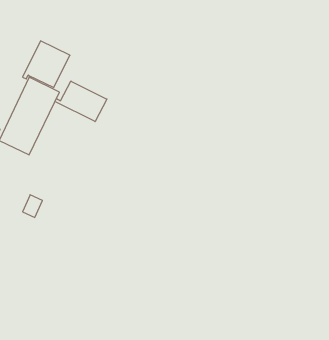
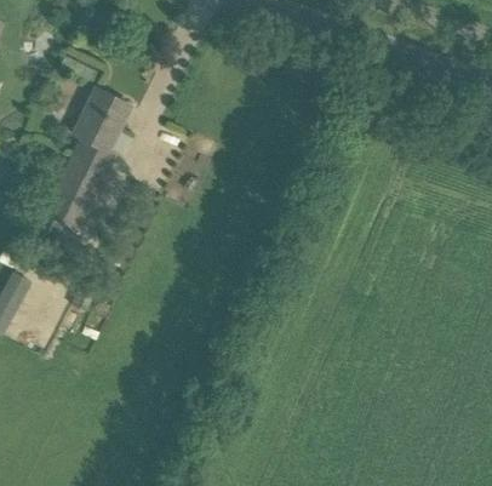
building: [55,81,107,122] -> none

